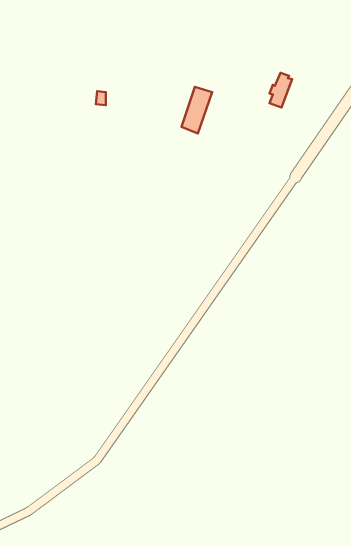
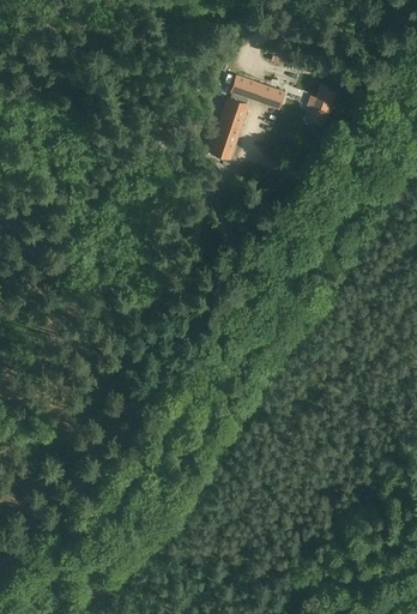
building: none -> [231,77,286,112]

